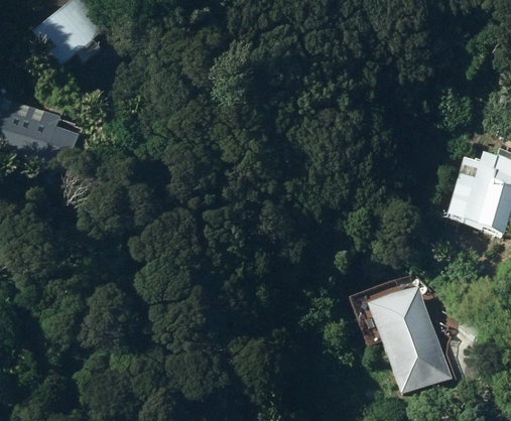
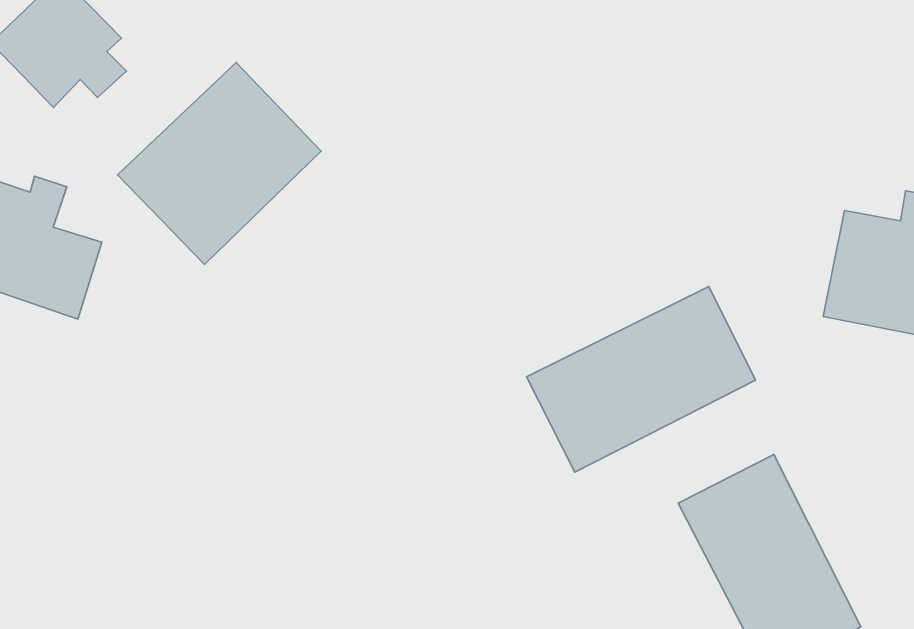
building: none -> [118,62,321,264]
building: none -> [527,286,756,472]

